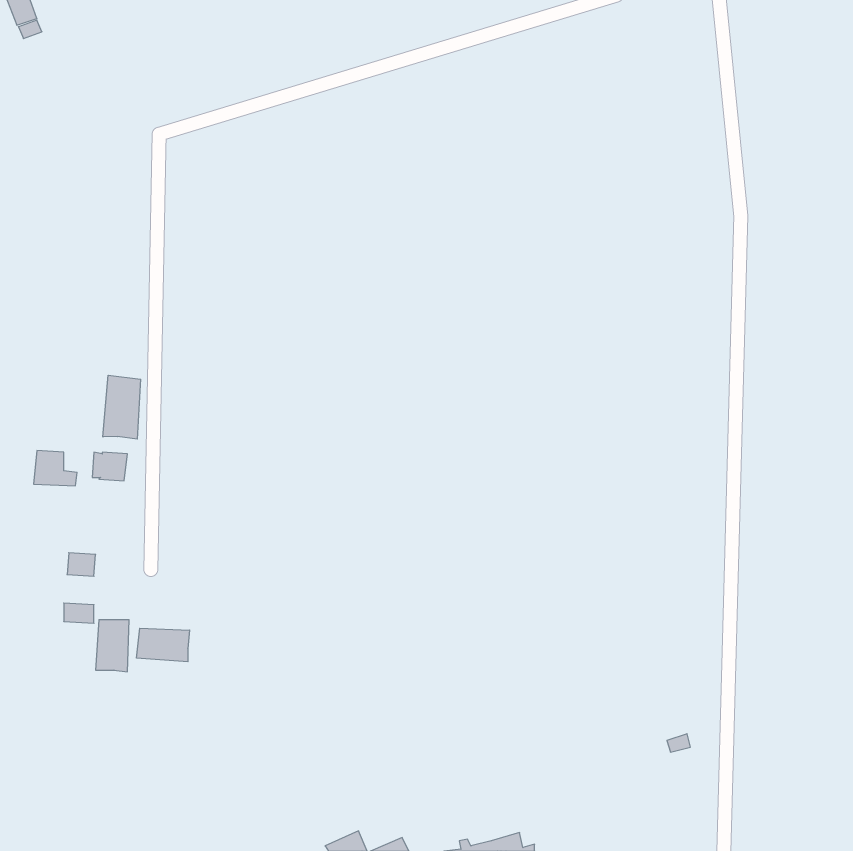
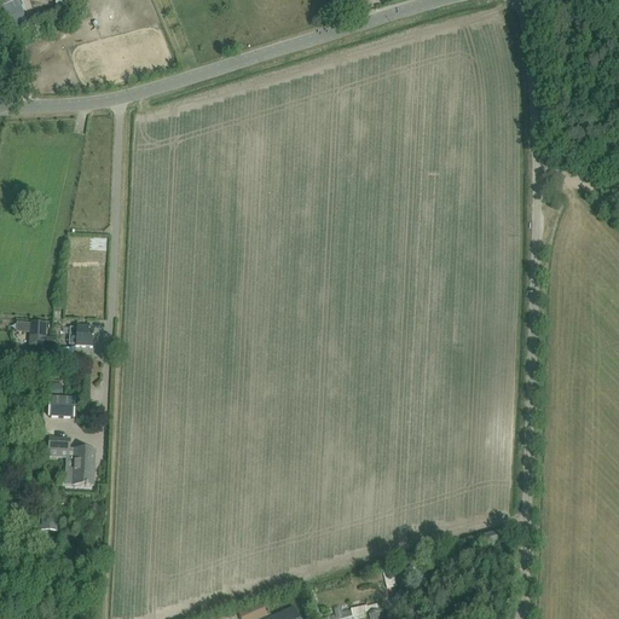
building: [103,375,141,439] -> none
building: [137,628,190,662] -> none

